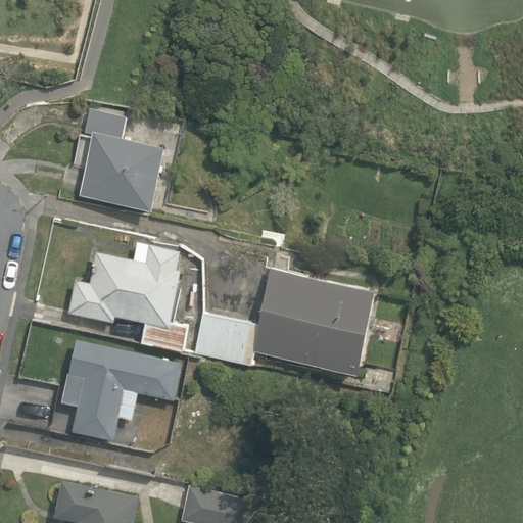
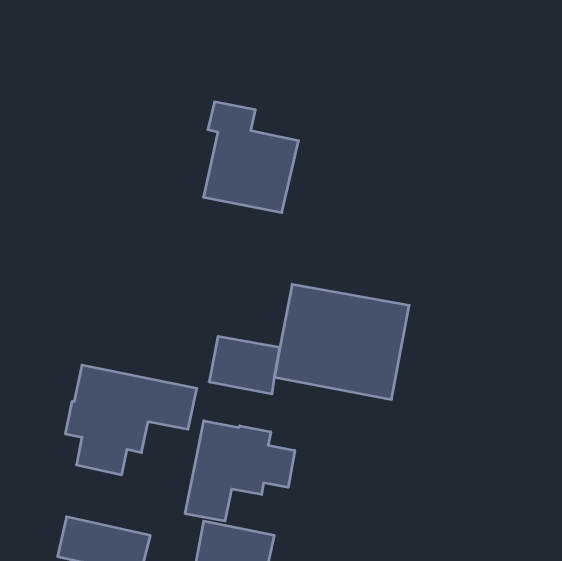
building: [79,109,167,211] -> [203,102,299,213]
building: [66,242,187,353] -> none
building: none -> [185,421,295,521]

